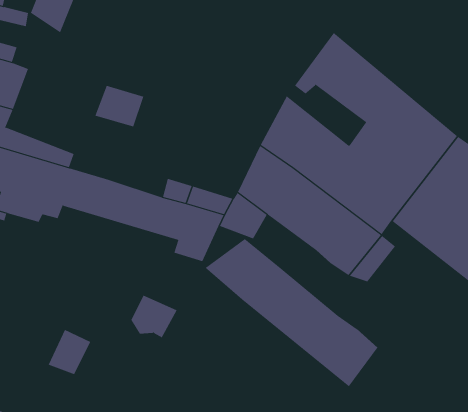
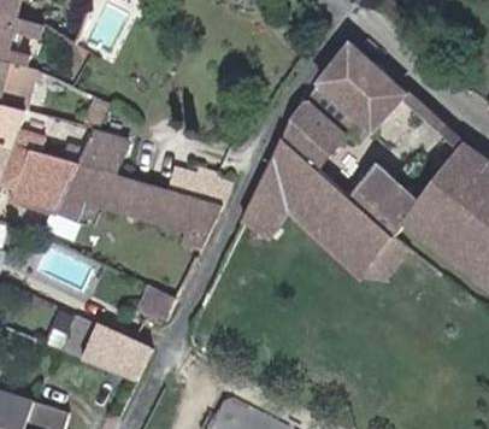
building: [95,85,144,127] -> [88,137,135,177]
building: [205,238,378,387] -> none
building: none -> [93,328,161,383]

